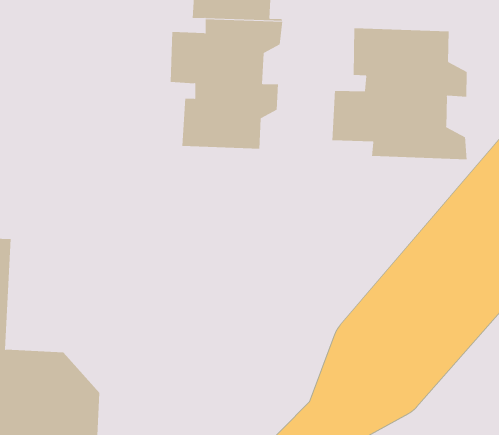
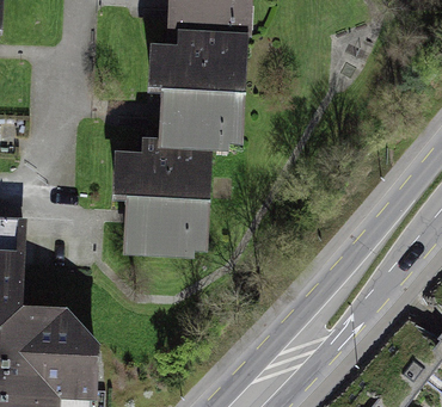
building: [332,27,467,160] -> none
building: none -> [116,142,226,255]

